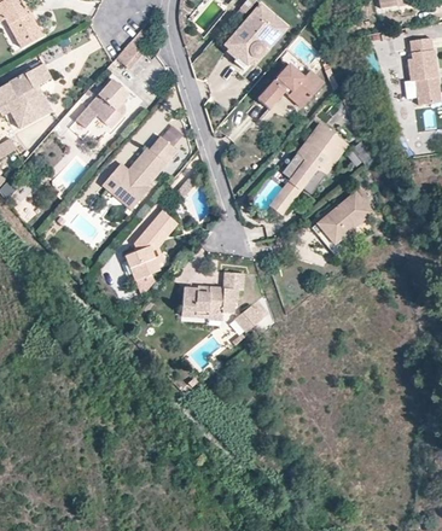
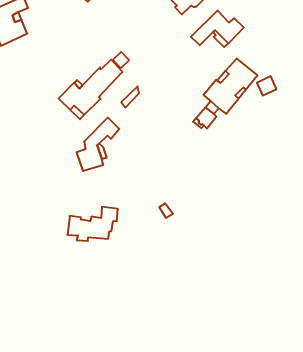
building: [75,78,129,129] -> none
building: [310,191,373,255] -> none
building: [181,272,243,316] -> [67,207,118,241]

